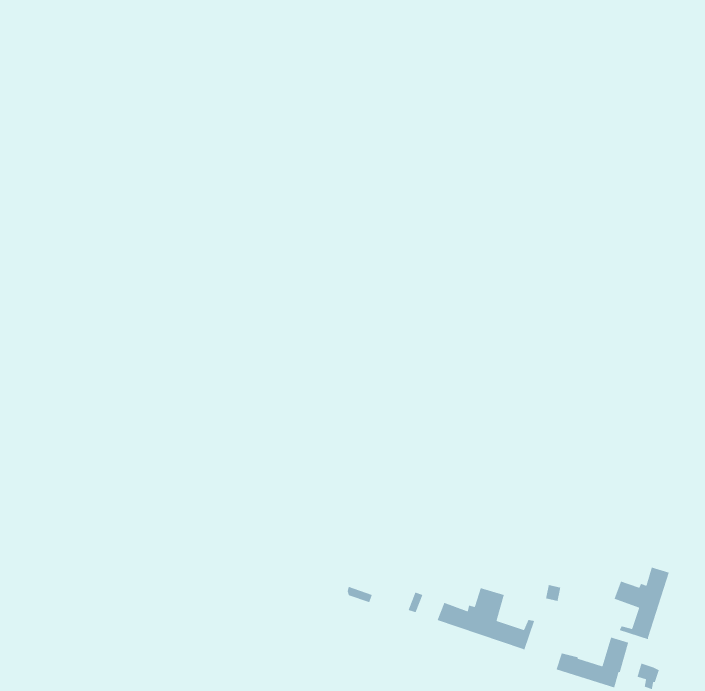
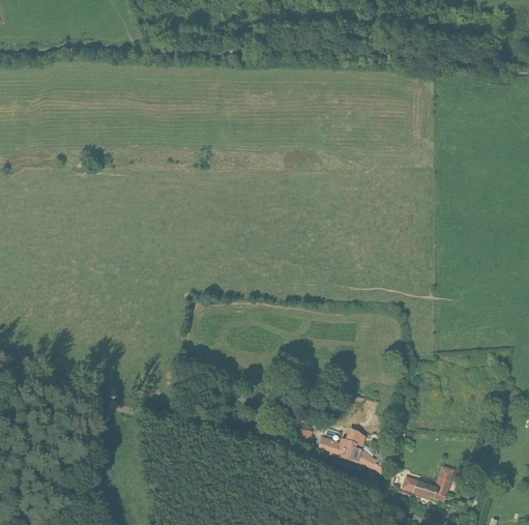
building: [613,567,670,640] -> none

